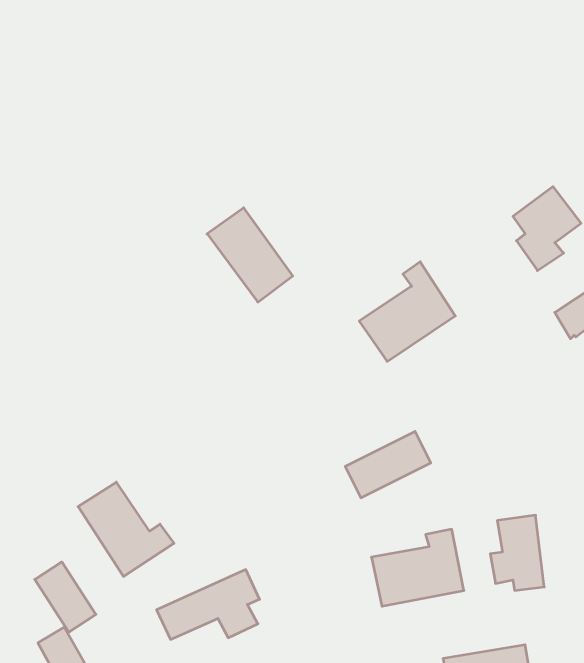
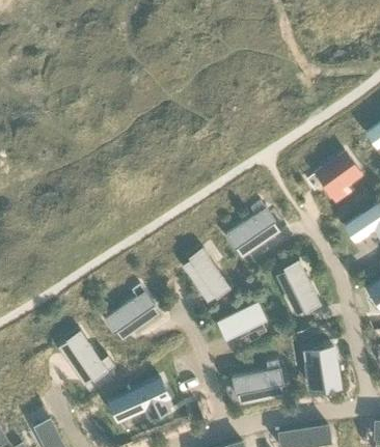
building: [207,208,293,302] -> [183,245,234,301]
building: none -> [273,261,319,317]
building: none -> [106,288,162,338]
building: [35,562,96,632] -> none

